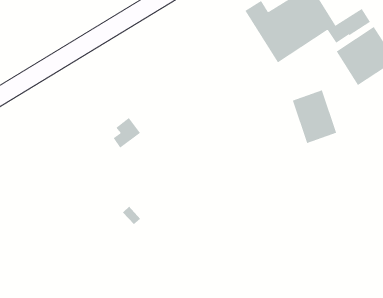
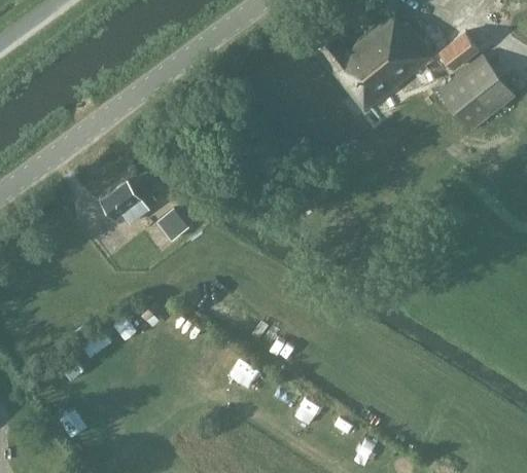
building: [292,89,337,144] -> none
building: none -> [99,179,154,222]

